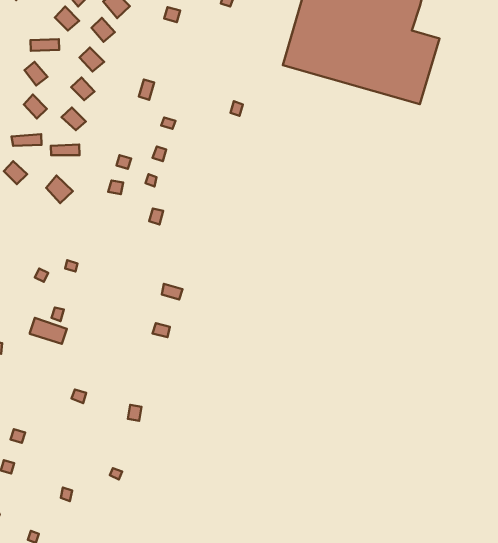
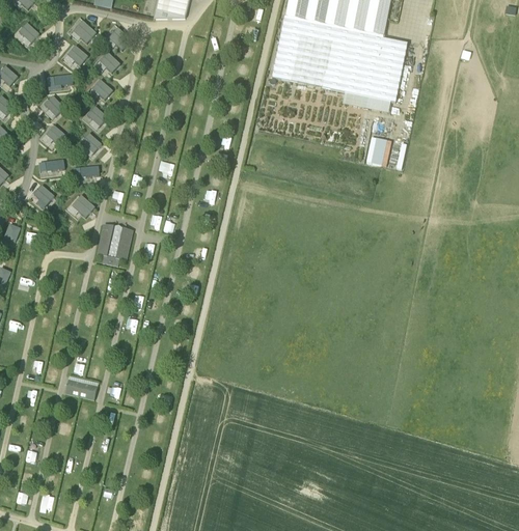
building: none -> [95,224,131,266]
building: [30,318,67,344] -> [63,379,95,399]

